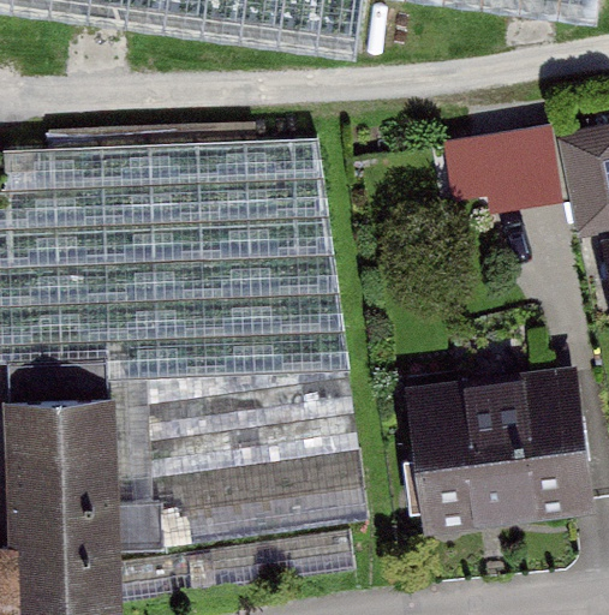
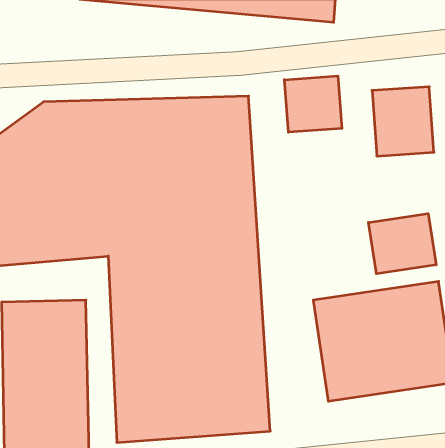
building: none -> [284,76,342,132]
building: none -> [368,214,436,274]

